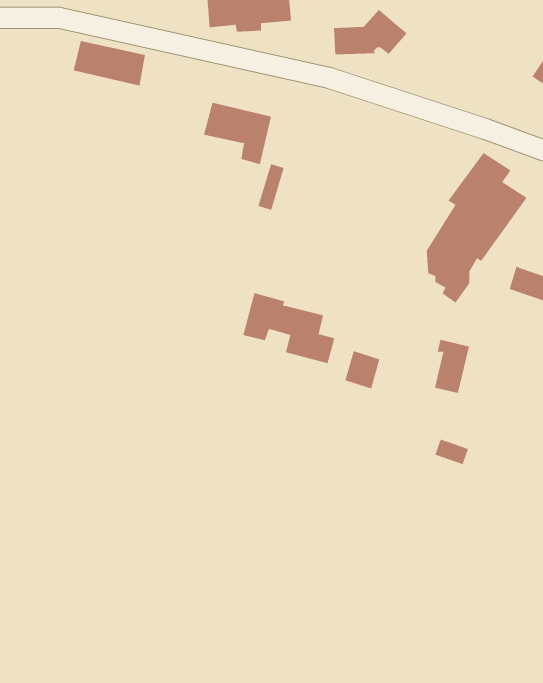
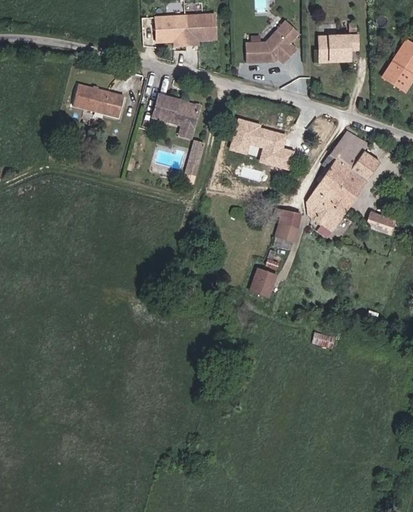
building: none -> [317,35,355,57]
building: [73,40,146,86] -> [75,85,126,117]
building: [243,292,335,364] -> [230,121,295,171]
building: [434,339,470,394] -> [274,209,299,247]

